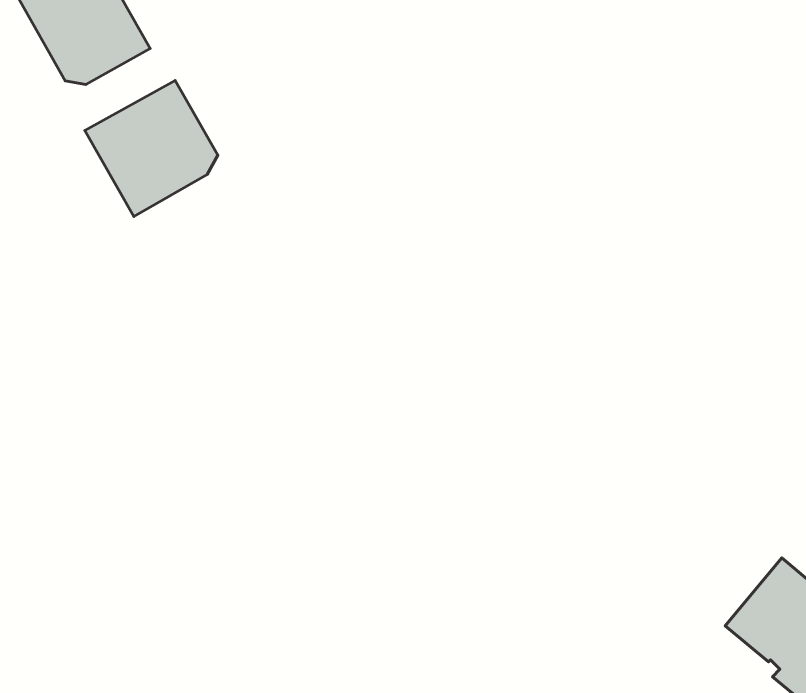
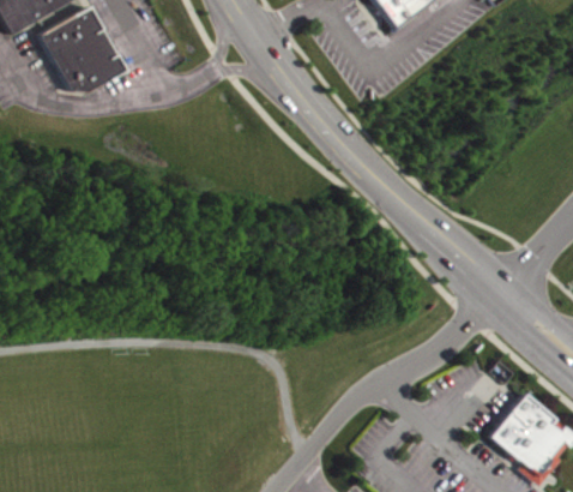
building: [85,80,218,217] -> none

